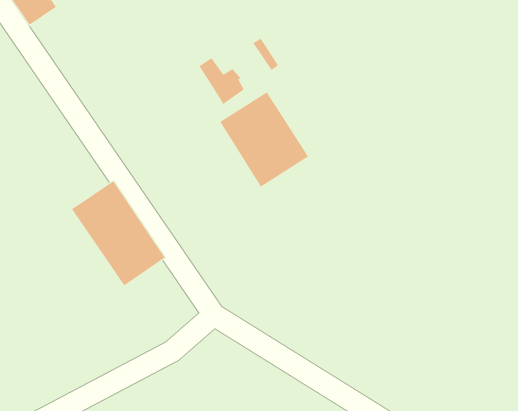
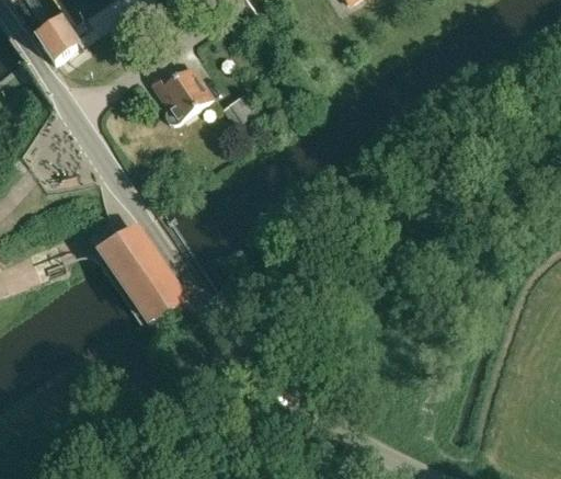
building: none -> [154,67,214,122]
building: [219,92,309,187] -> none

